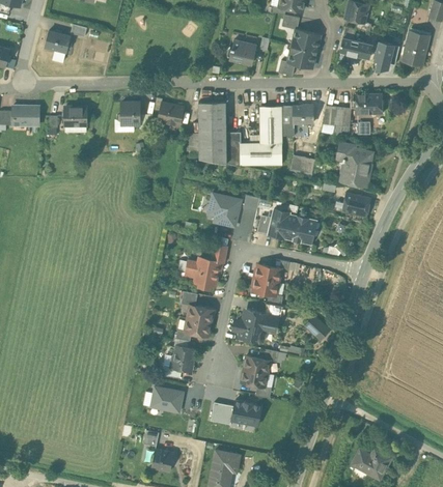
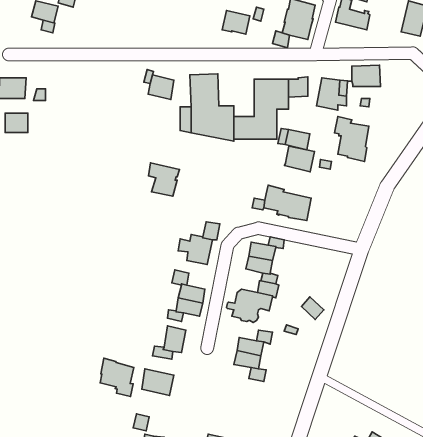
building: [375,41,399,64] -> none
building: [117,103,140,124] -> none
building: [64,107,86,125] -> [5,113,28,133]
building: [341,193,370,218] -> [284,146,314,172]
building: [211,194,241,226] -> [148,163,179,196]
building: none -> [100,358,134,396]
building: [213,399,267,427] -> none

